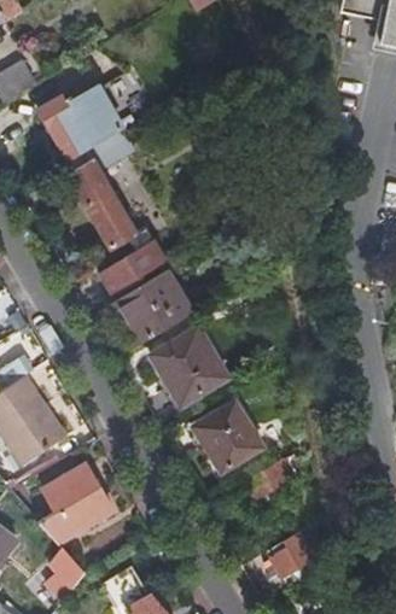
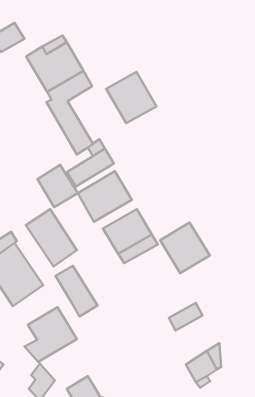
building: none -> [106,72,156,123]
building: none -> [38,165,78,207]
building: none -> [26,209,77,266]
building: [193,400,264,473] -> [160,223,210,273]
building: none -> [56,266,97,316]

